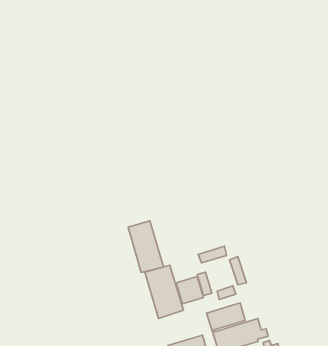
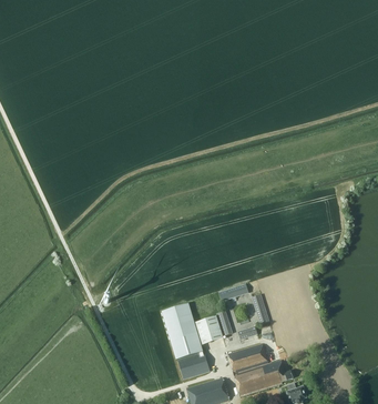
building: [128,221,164,273] -> none
building: none -> [176,352,208,380]

